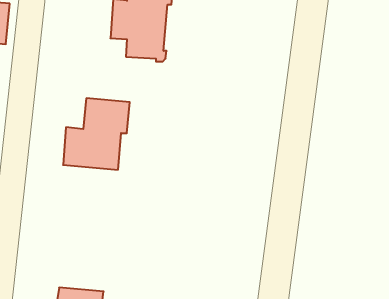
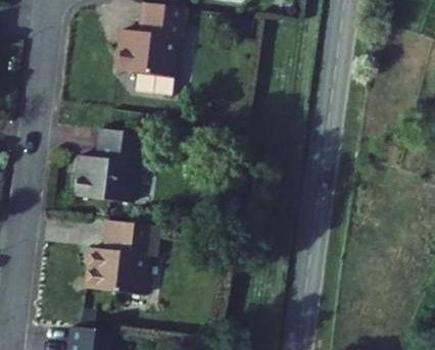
building: none -> [77,222,147,295]

